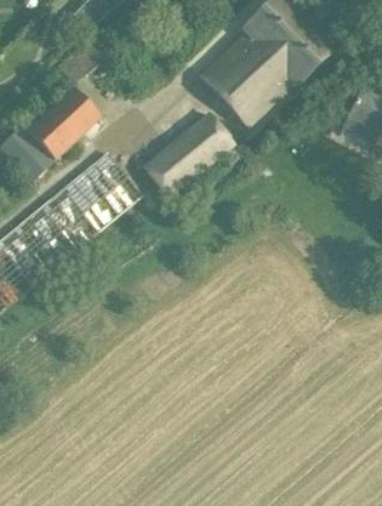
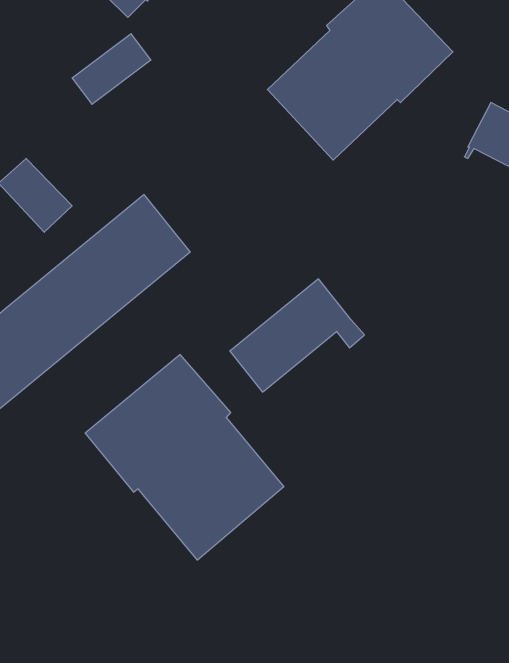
building: [28,87,101,159] -> none
building: [144,113,244,197] -> [230,279,364,392]
building: none -> [85,355,284,560]

